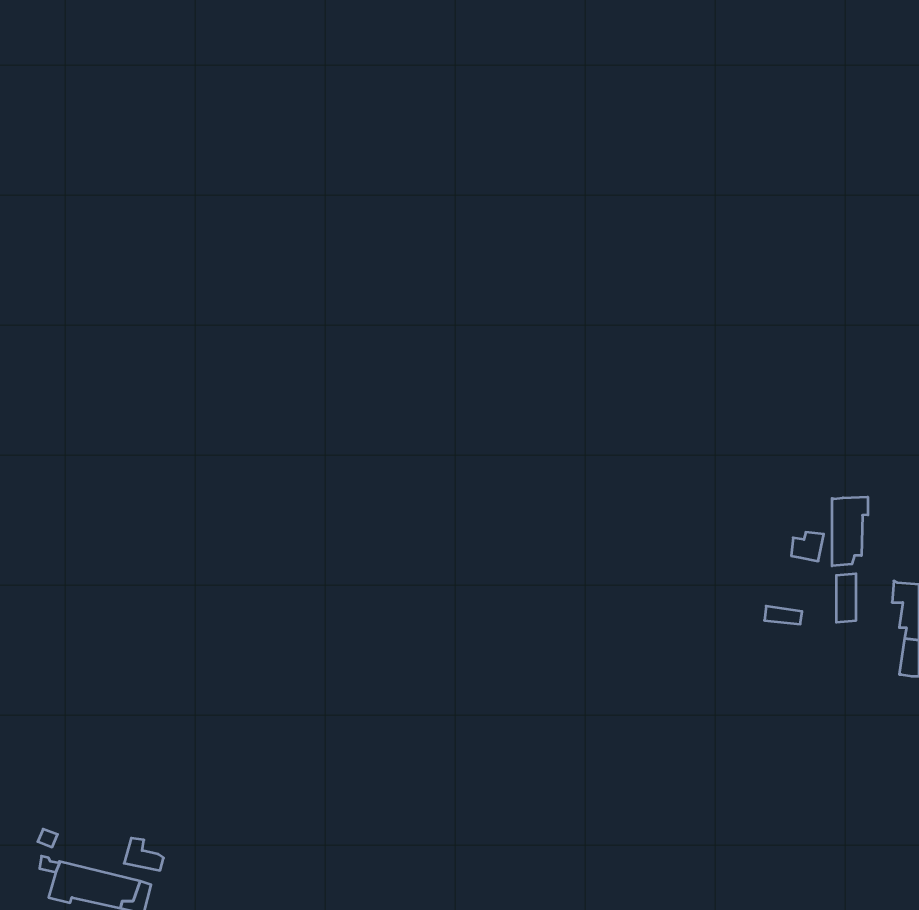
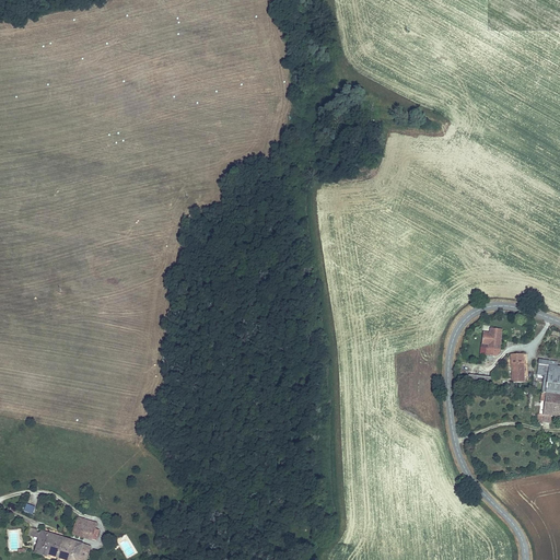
building: [832,497,868,566] -> none

